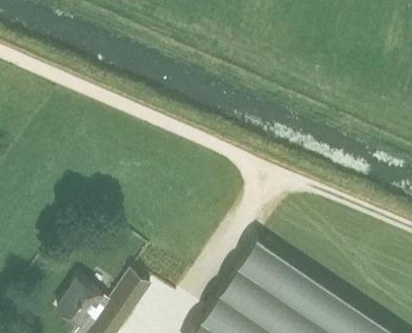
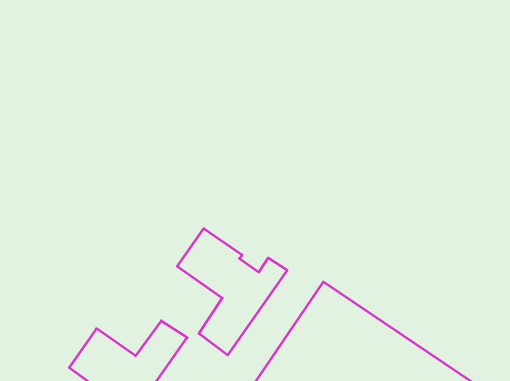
building: none -> [177,229,287,355]

